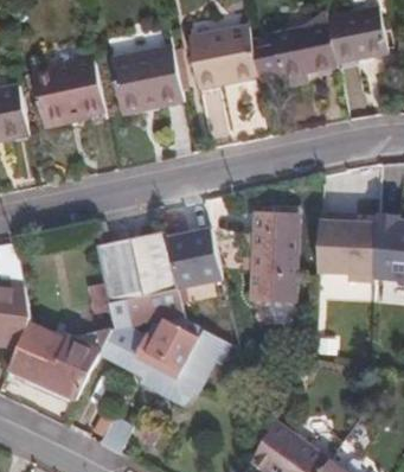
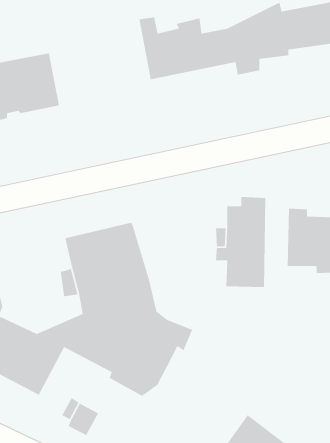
building: [102,44,175,108] -> none
building: [171,227,229,288] -> none

